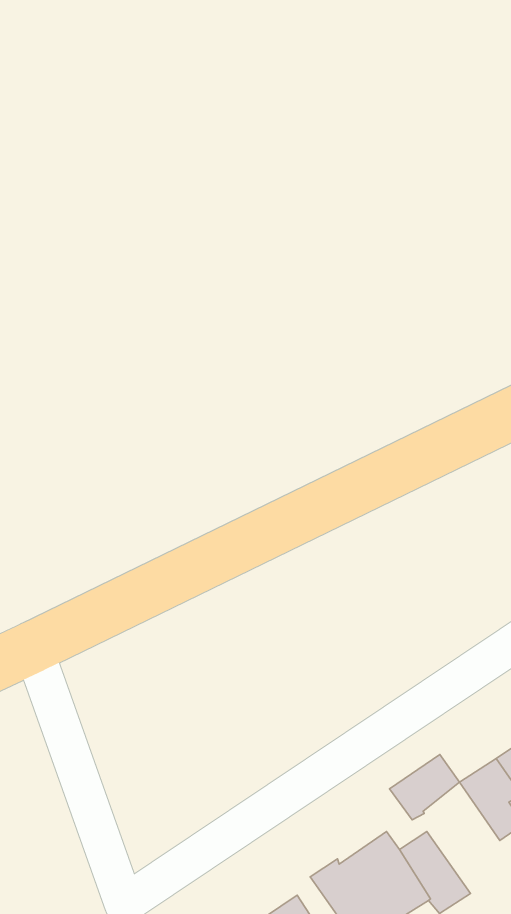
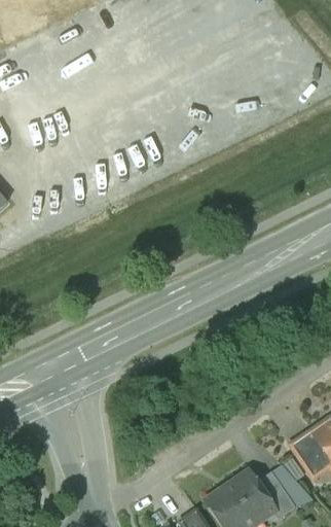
building: [390,754,460,820] -> none

